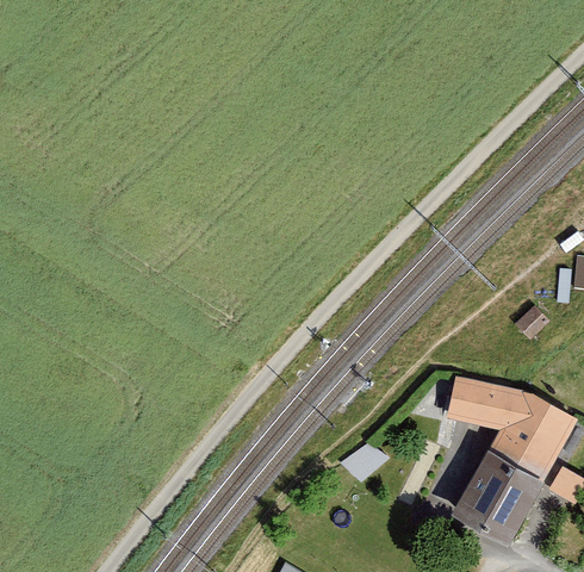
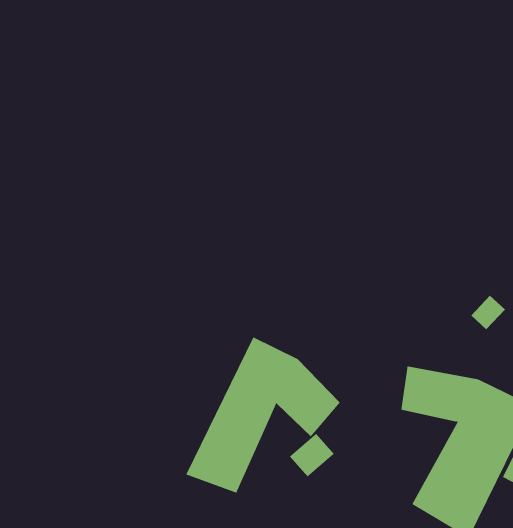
building: none -> [186,337,340,494]

